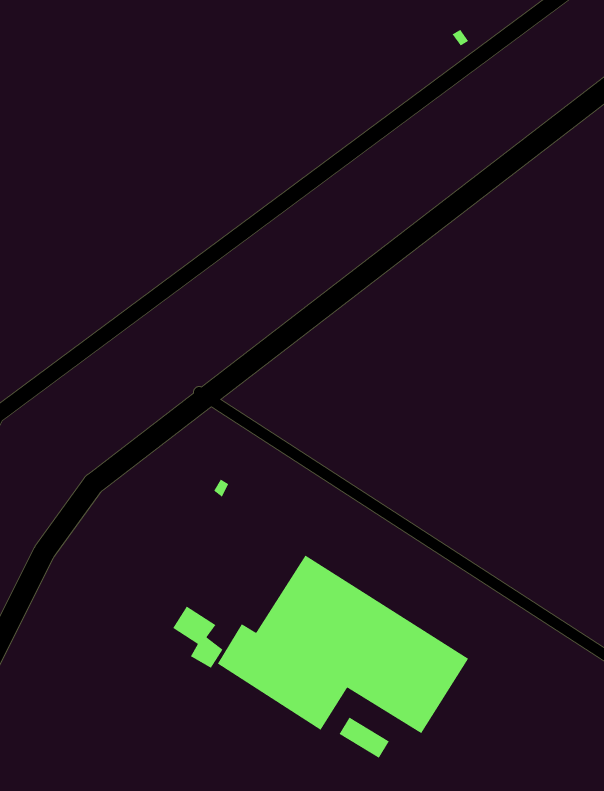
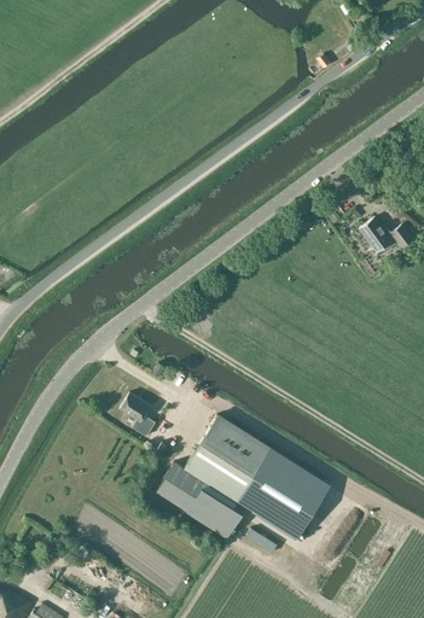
building: none -> [359,217,413,252]
building: [172,605,223,669] -> [120,393,155,437]

